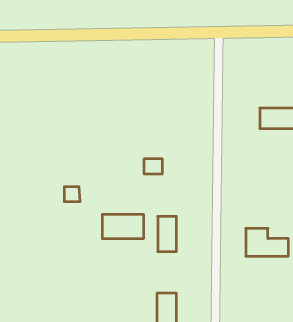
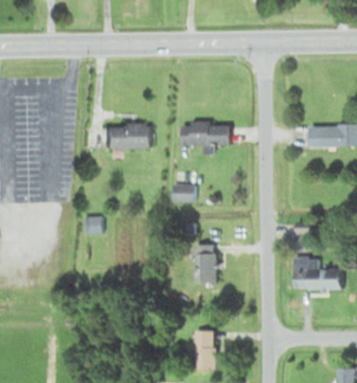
building: none -> [182,122,230,146]
building: none -> [103,124,150,149]
building: [102,214,143,239] -> none

